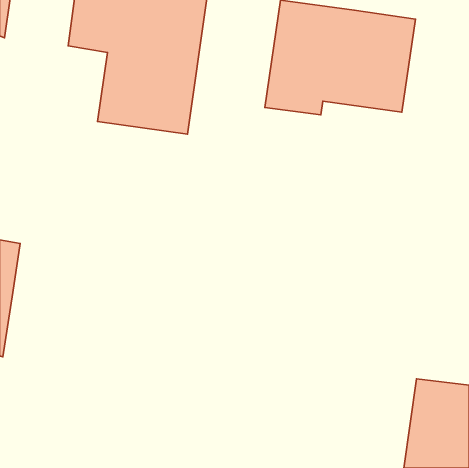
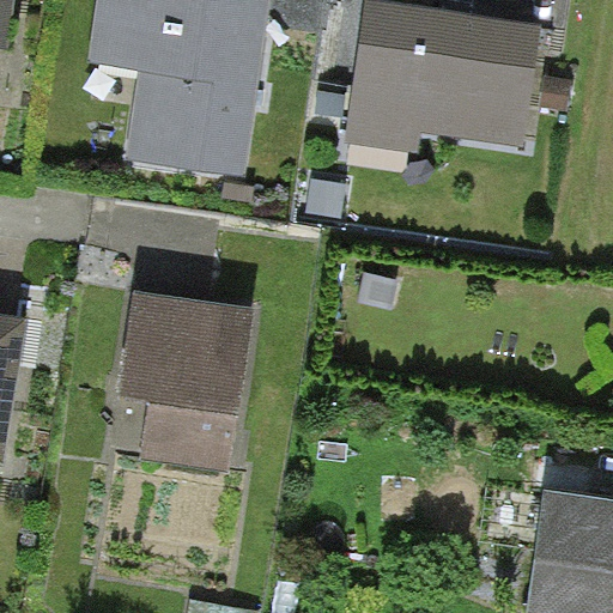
building: none -> [117,291,254,472]

